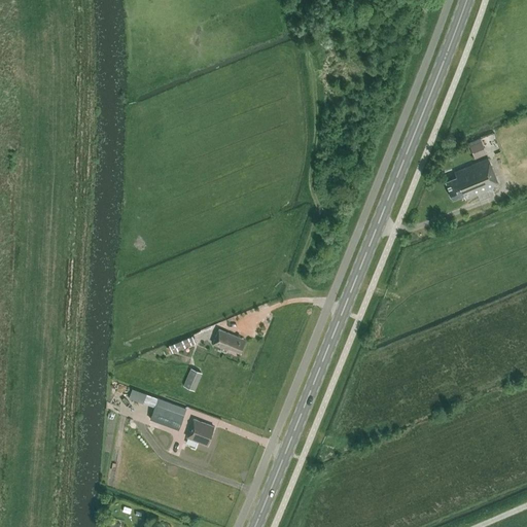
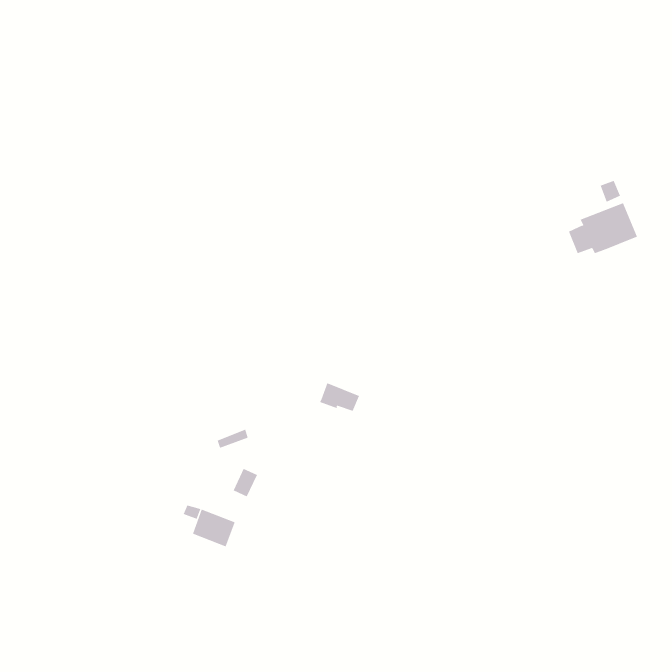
building: [213,329,245,352] -> [319,383,360,412]
building: [185,418,213,446] -> none

